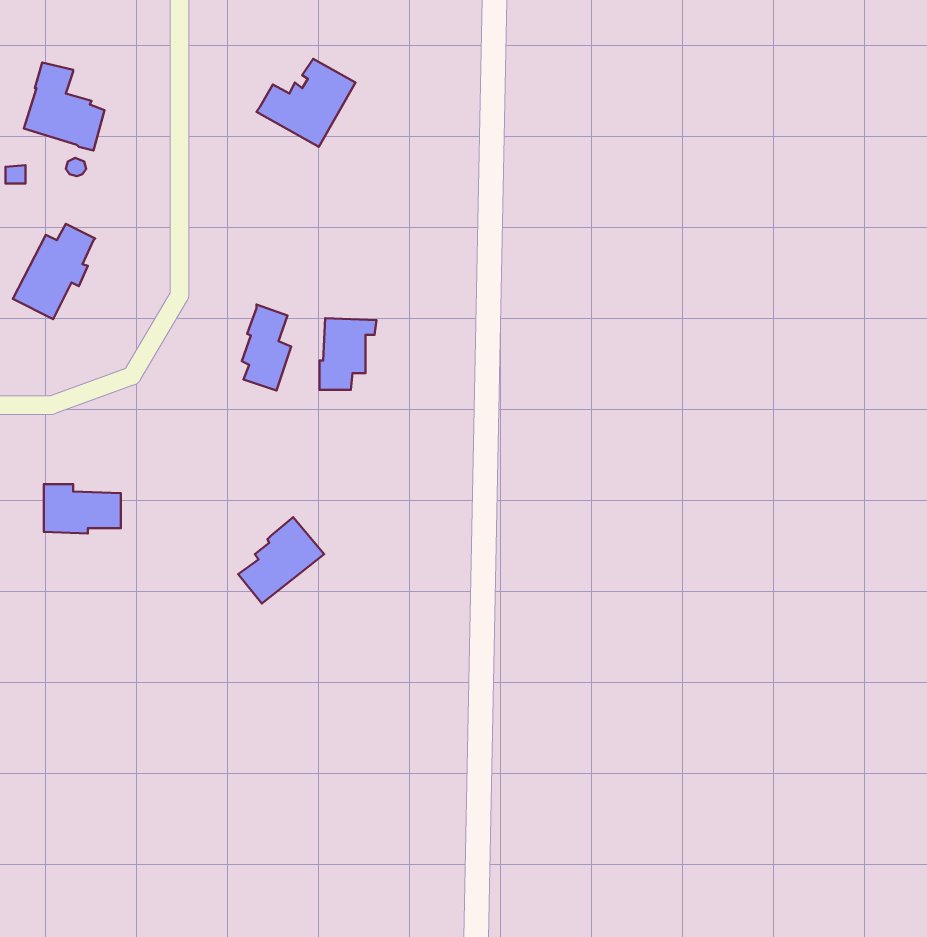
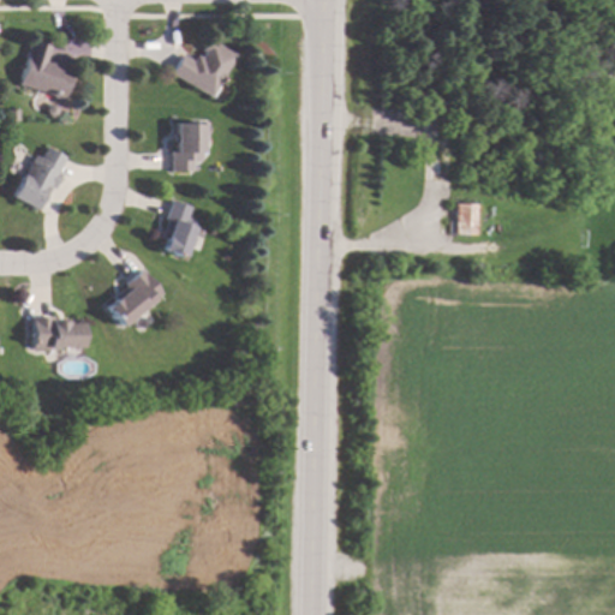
building: none -> [456,202,478,234]
building: [320,318,376,390] -> [174,124,211,171]
building: [238,517,324,604] -> [109,269,166,326]

